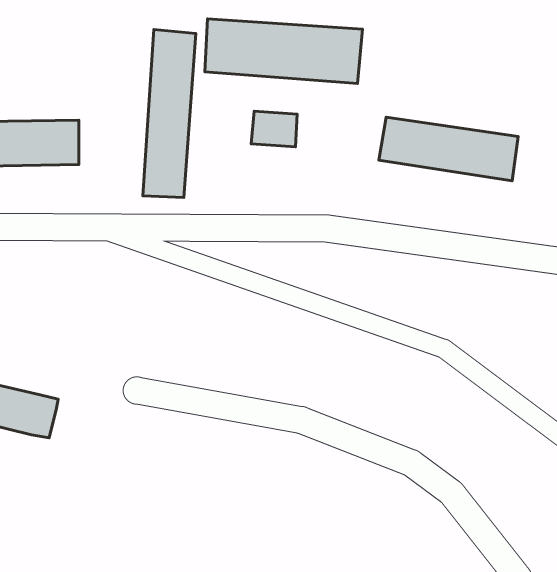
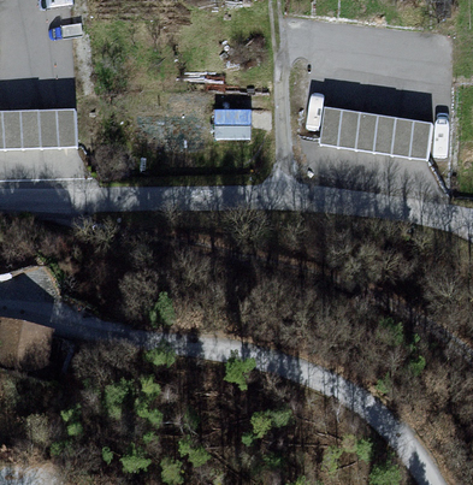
building: [205,19,362,84] -> none
building: [143,29,196,198] -> none

